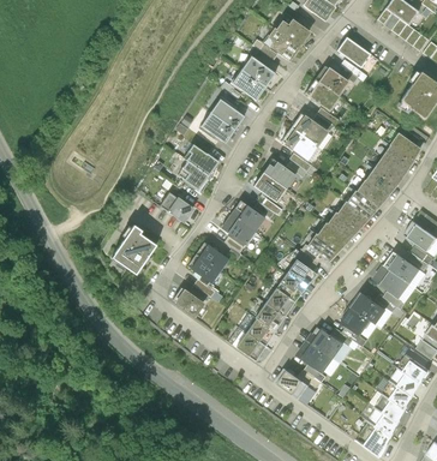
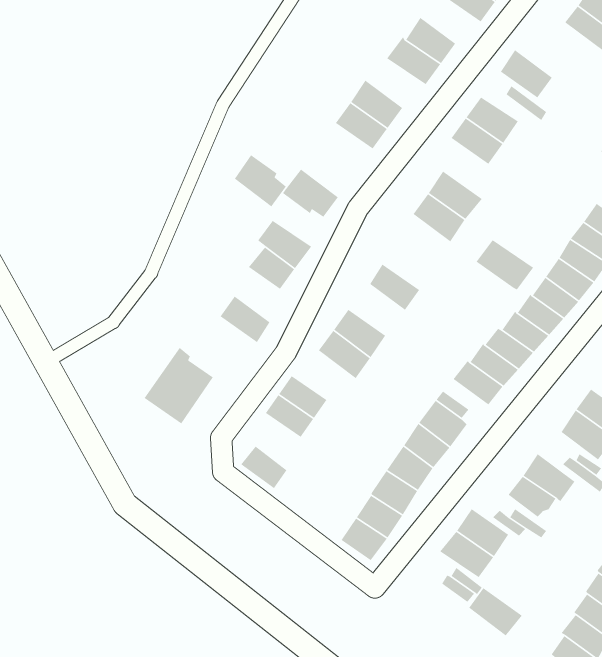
building: [210,96,244,130] -> [234,154,287,207]
building: [262,157,299,190] -> [475,239,534,290]
building: [275,367,310,399] -> [468,587,523,636]

